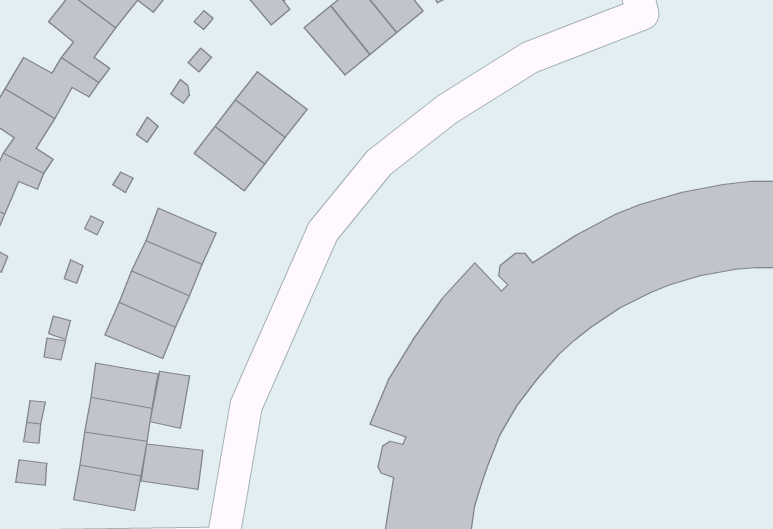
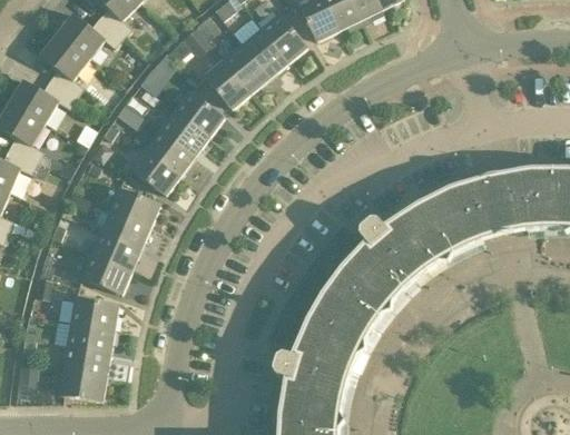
building: none -> [204,59,252,109]
building: none -> [130,148,180,195]
building: [150,371,190,428] -> none
building: [141,444,203,490] -> none

